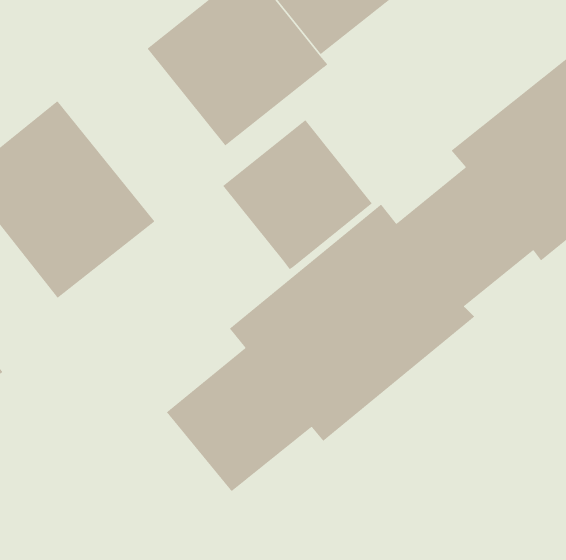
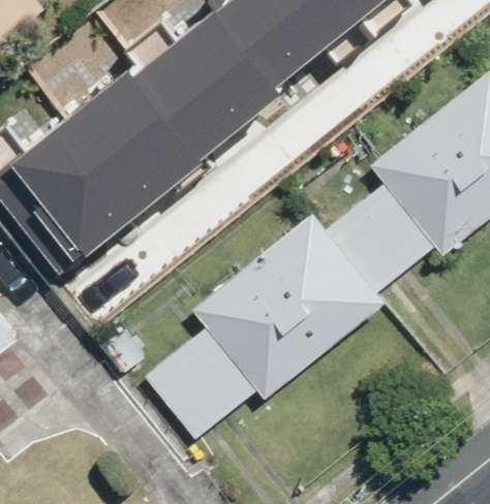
building: none -> [63,68,205,216]
building: [222,119,373,270] -> none

